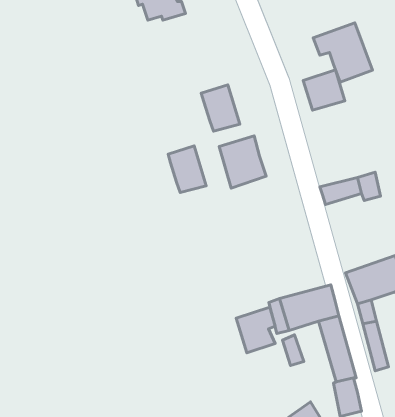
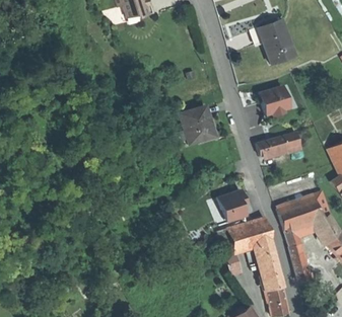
building: [303,70,345,110] -> [260,86,291,116]
building: [201,85,240,131] -> none
building: [168,146,206,193] -> none
building: [236,307,275,353] -> [216,189,246,224]

